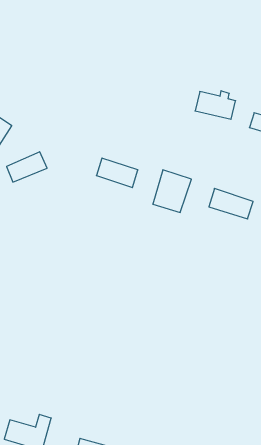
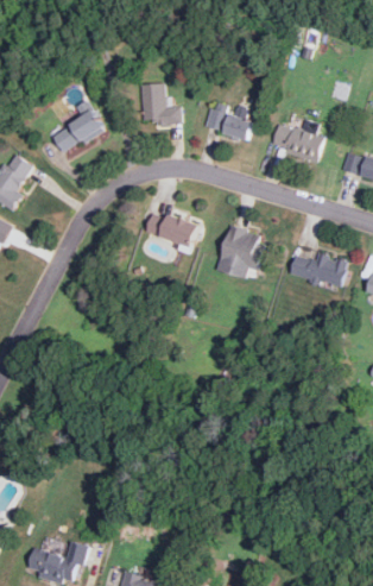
building: none -> [143,83,182,125]
building: none -> [206,106,254,140]
building: [7,152,47,182] -> [52,112,105,151]

